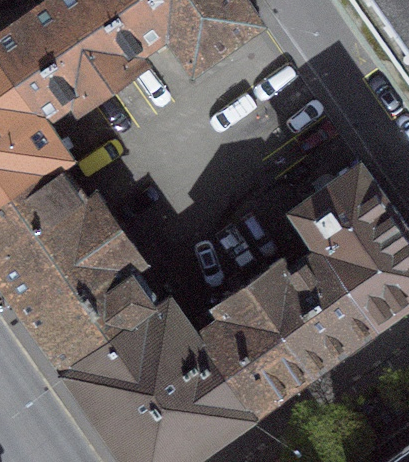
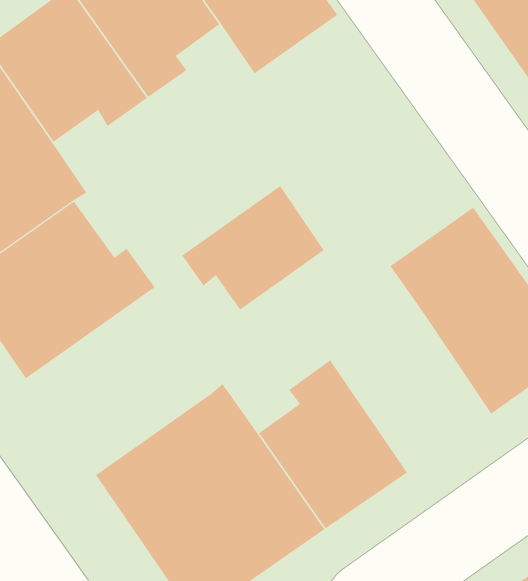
building: none -> [181,185,324,311]
building: [20,230,161,373] -> none
building: [252,251,374,371] -> none

